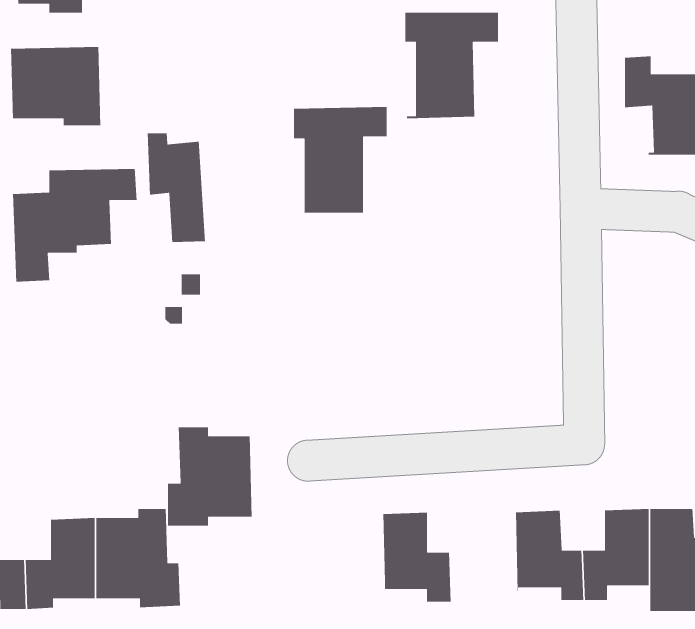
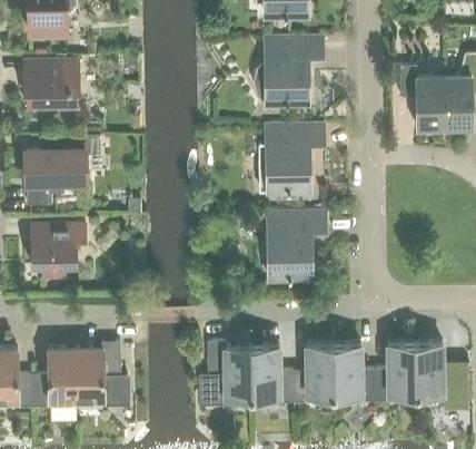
building: [293,106,388,214] -> [266,126,324,192]
building: [147,133,206,243] -> none
building: none -> [267,213,326,280]
building: none -> [30,224,85,277]
building: [167,426,252,526] -> [200,341,252,402]
building: none -> [292,345,334,401]

